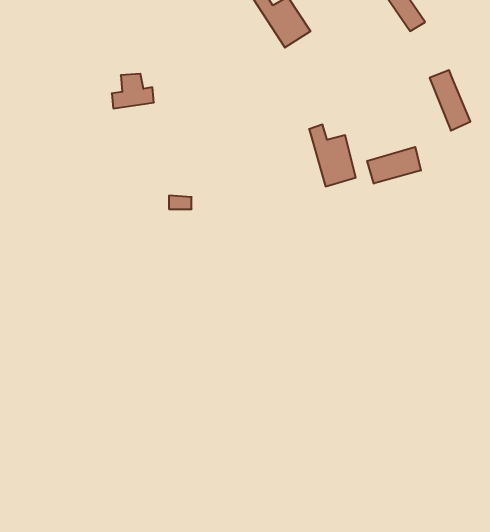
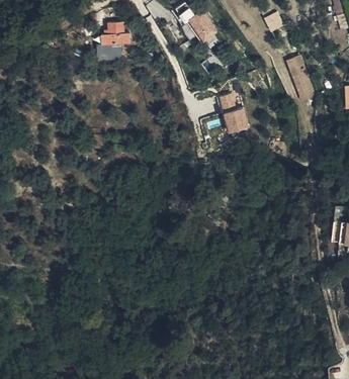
building: [112,74,154,108] -> [100,22,128,45]
building: [367,147,421,184] -> none

